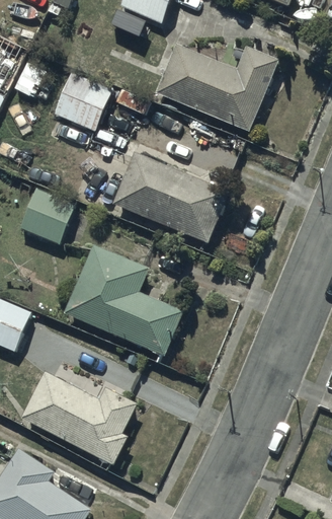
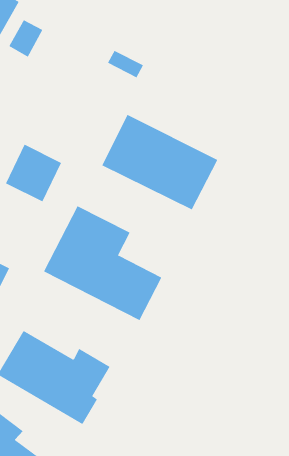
building: [155,45,277,132] -> none
building: [53,73,110,131] -> none

